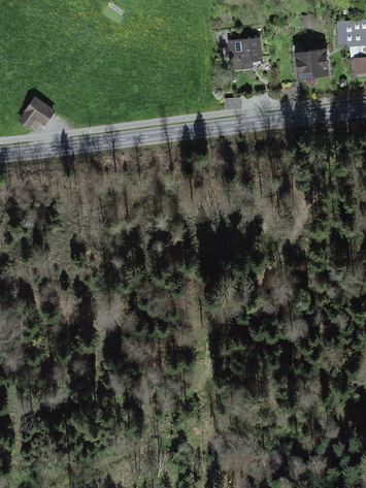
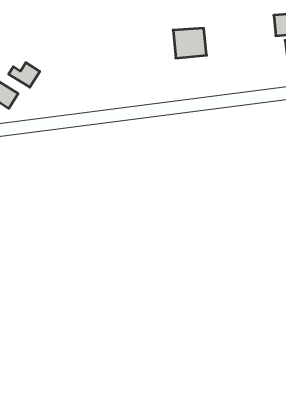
building: [294,48,329,80] -> none
building: none -> [9,63,40,87]

